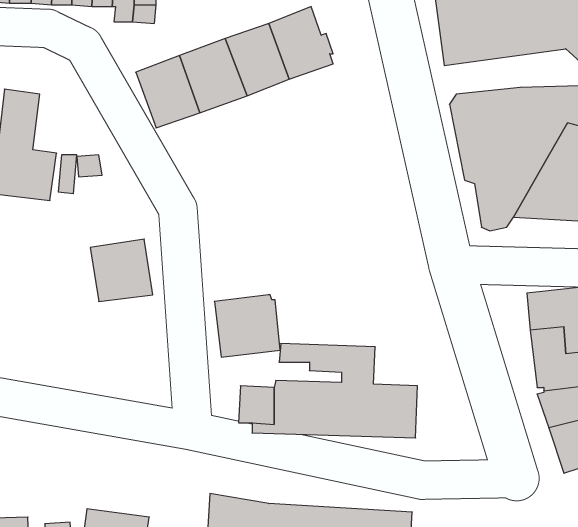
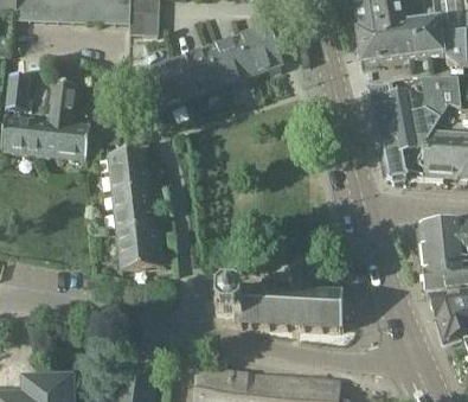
building: none -> [108,148,150,192]
building: [214,295,280,357] -> [118,225,165,269]

